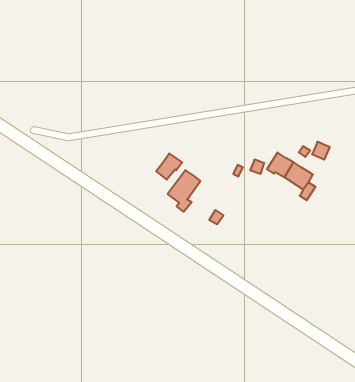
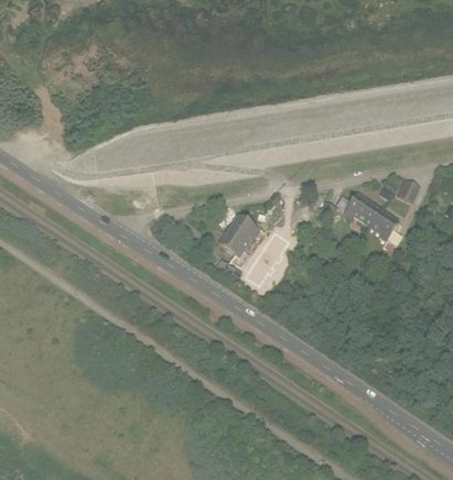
building: [156,153,182,180] -> none

